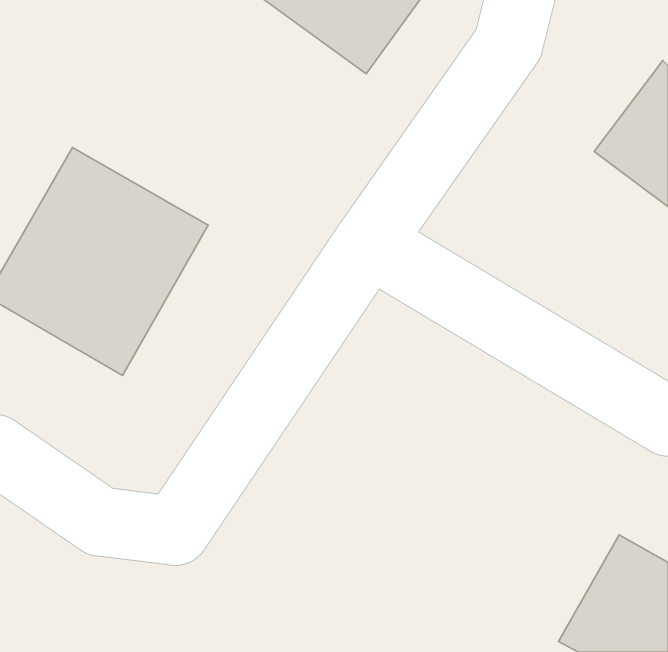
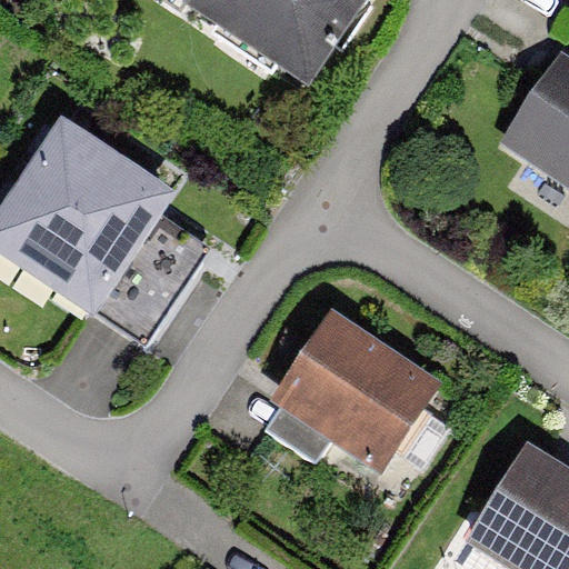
building: none -> [274,315,440,473]

